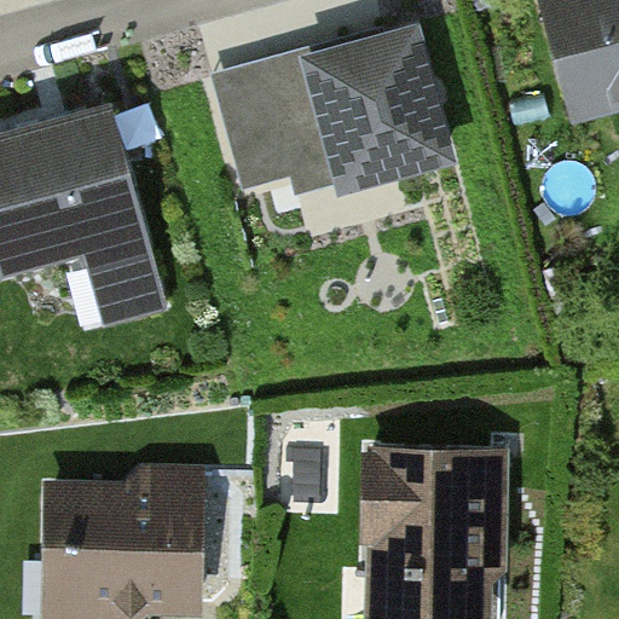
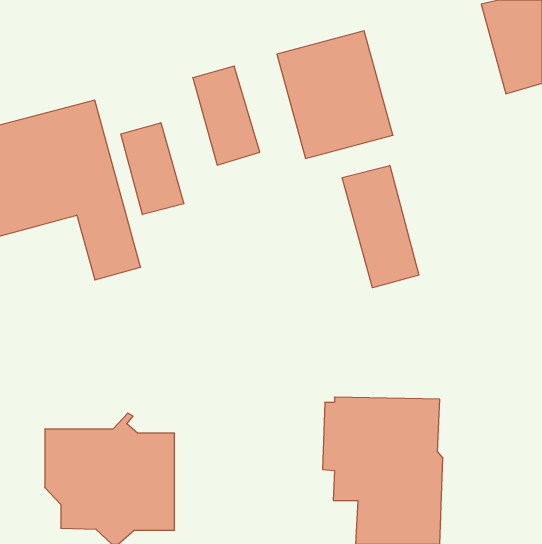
building: none -> [121,123,184,215]
building: none -> [342,165,419,288]

